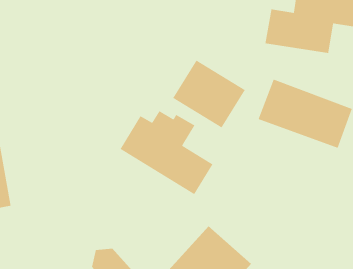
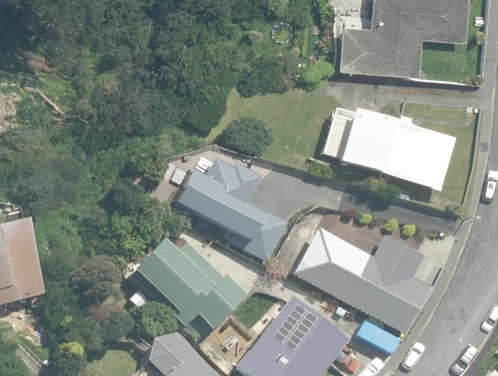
building: [172,60,246,129] -> none
building: none -> [294,226,397,315]
building: none -> [132,240,244,331]

